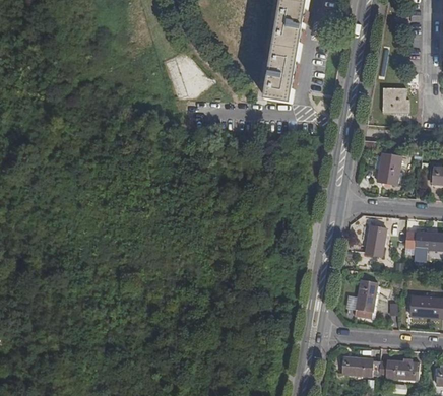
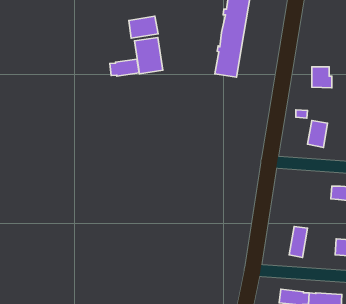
building: none -> [129,16,158,38]
building: none -> [110,59,139,76]
building: [365,225,386,256] -> none

